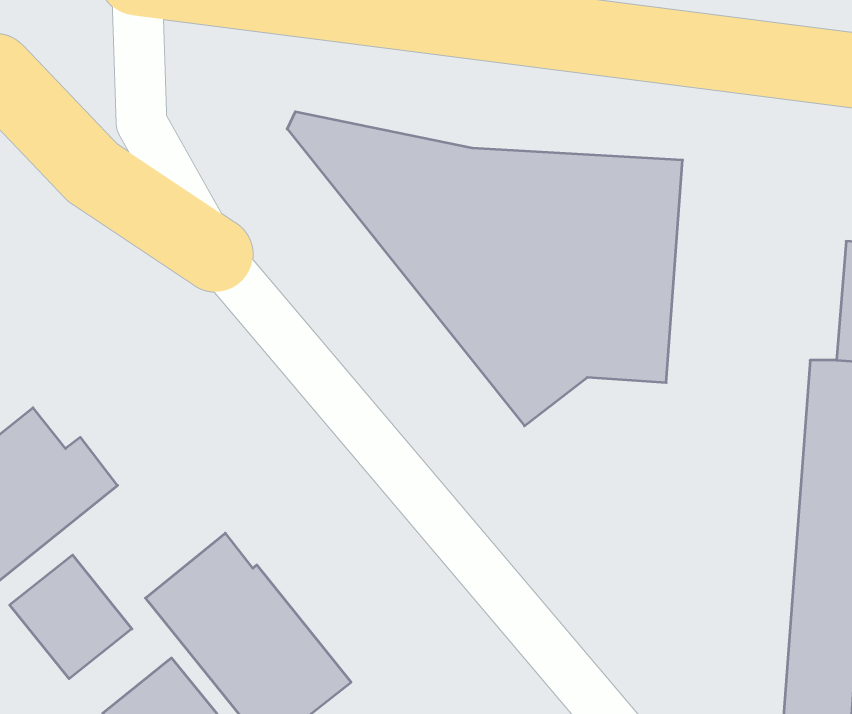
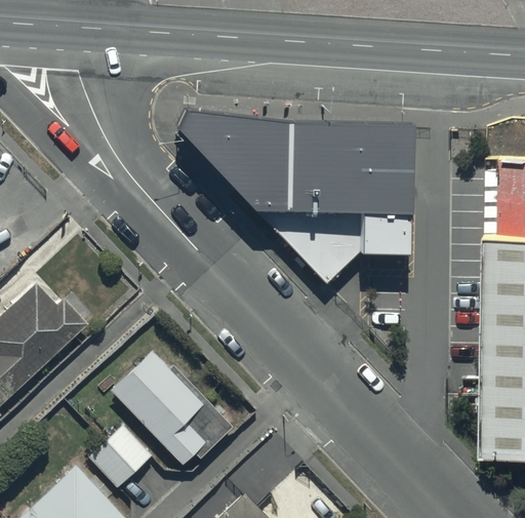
building: [10,555,132,679] -> none

